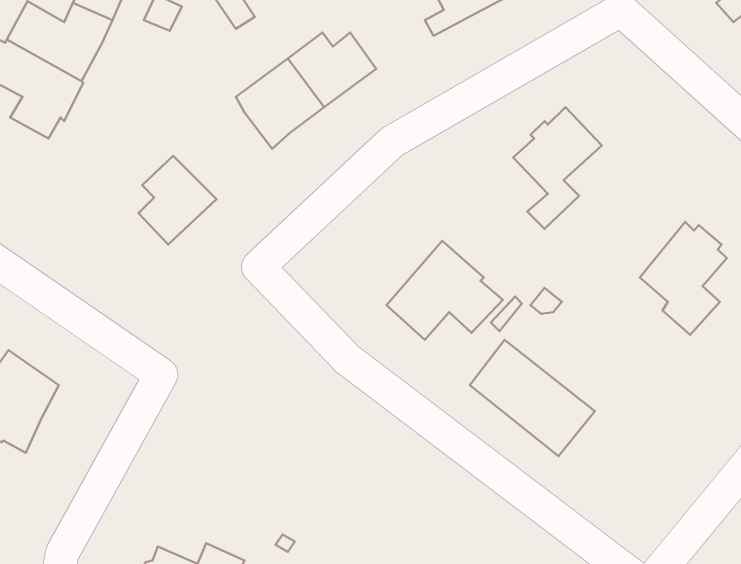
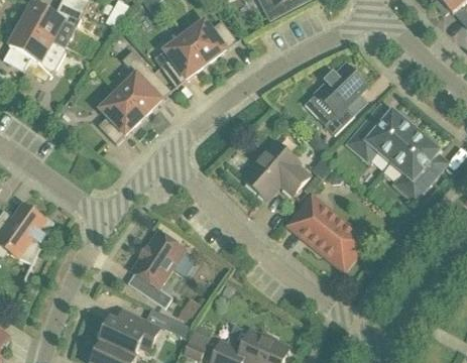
building: none -> [117,49,170,116]
building: none -> [350,110,415,161]
building: none -> [130,230,184,307]

